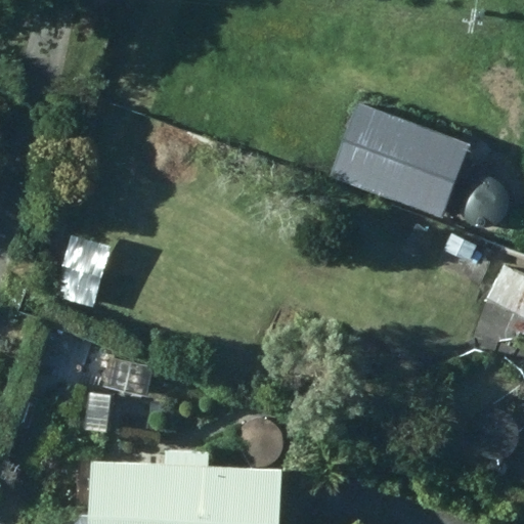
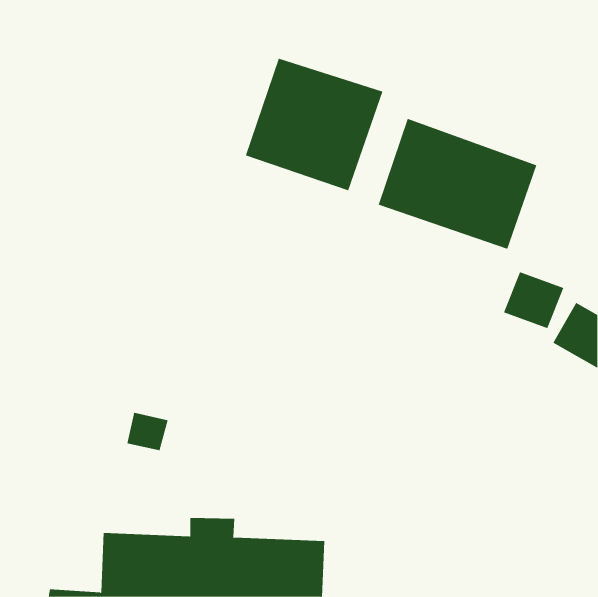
building: none -> [245,58,383,191]

